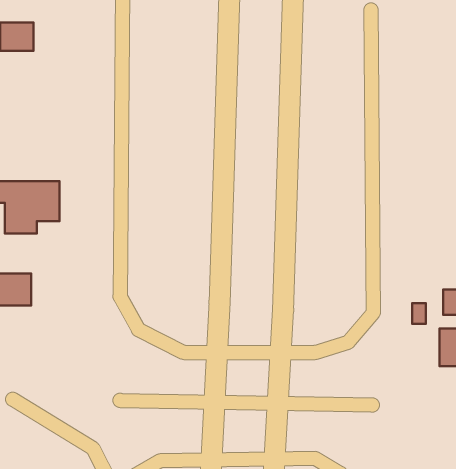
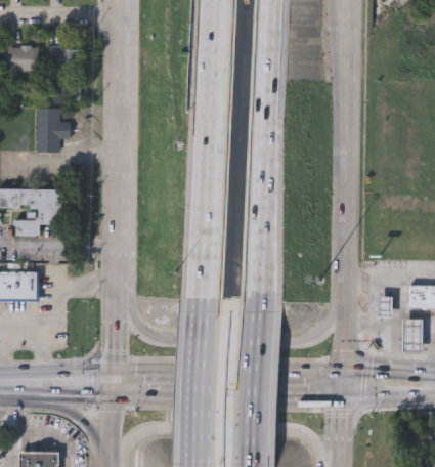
building: none -> [47,46,81,70]
building: none -> [36,109,70,153]

